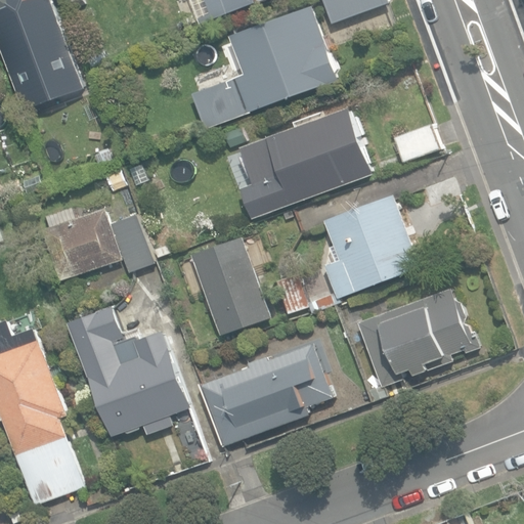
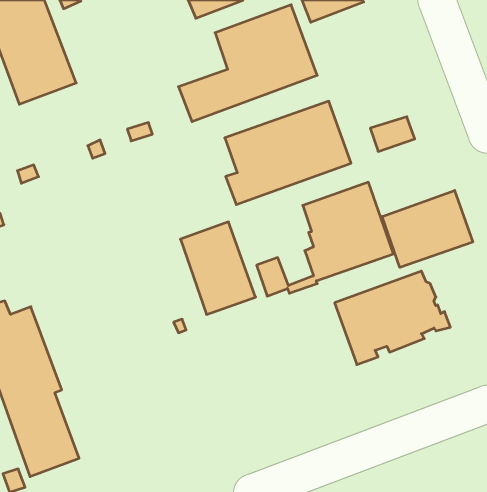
building: none -> [382,190,473,267]
building: [38,208,159,281] -> none
building: [73,308,190,435] -> none
building: [201,344,333,444] -> none

